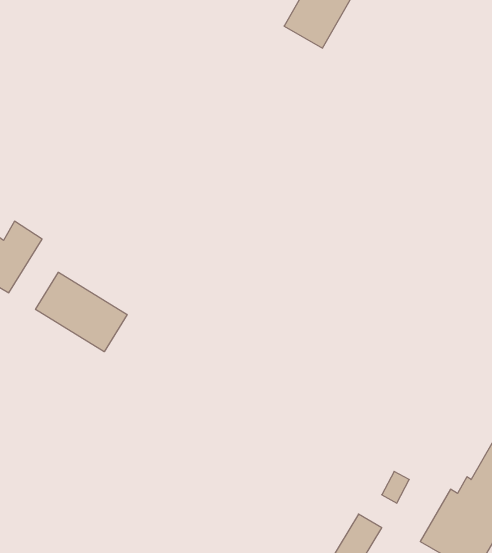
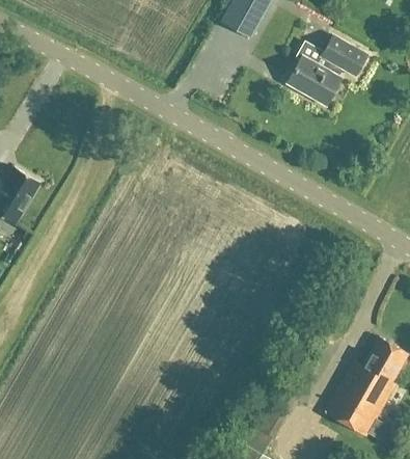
building: none -> [285,36,365,106]
building: [36,272,127,352] -> none

